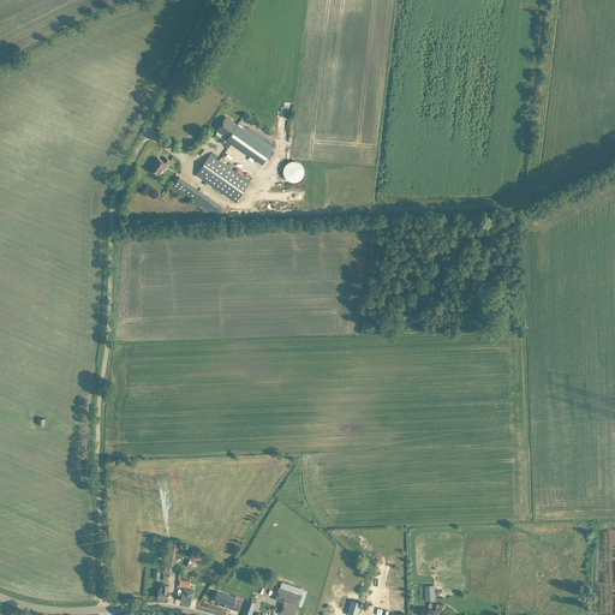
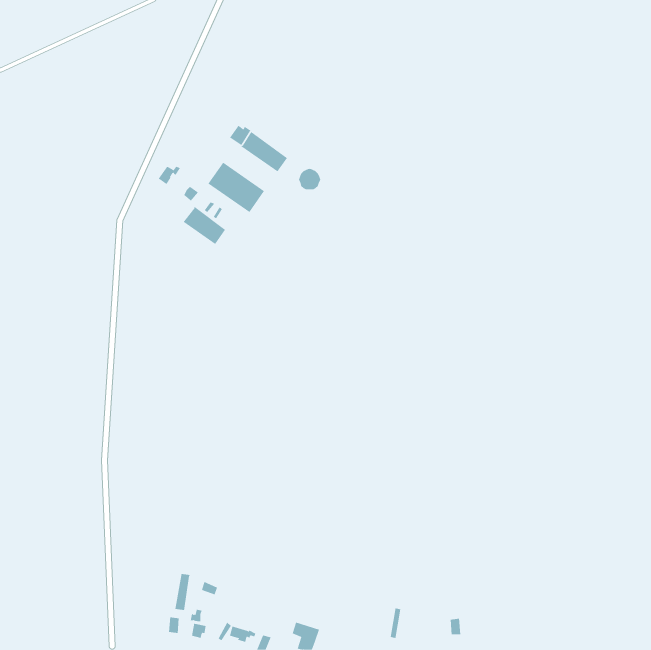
building: none -> [183,206,226,245]

